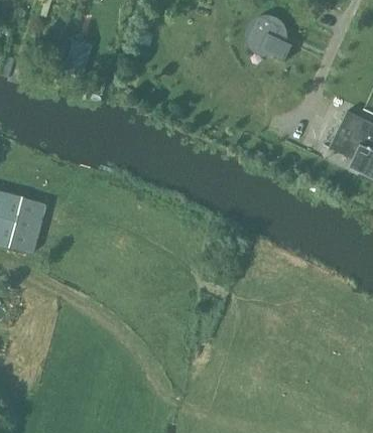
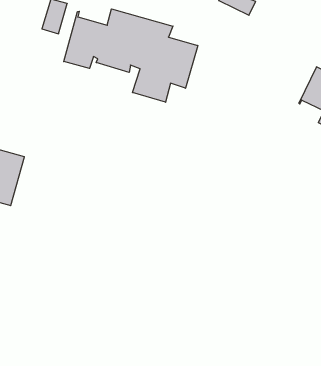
building: none -> [64,9,198,102]

